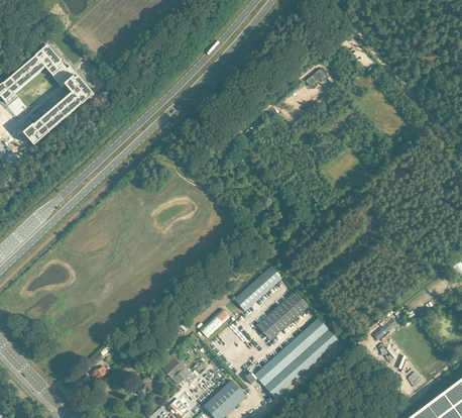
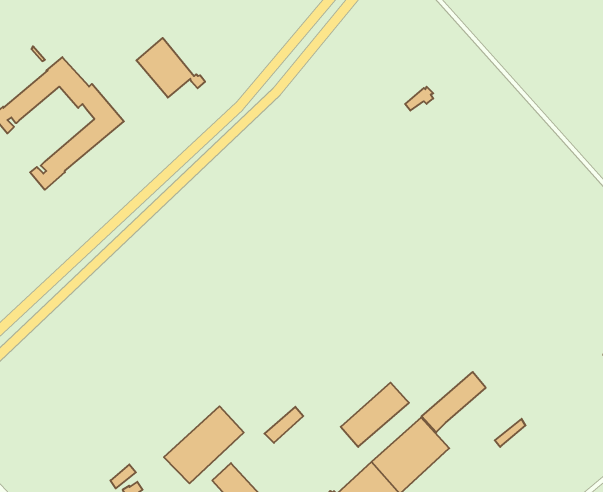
building: none -> [136,38,205,98]
building: [234,266,282,311] -> [422,372,486,432]
building: none -> [164,406,244,483]

